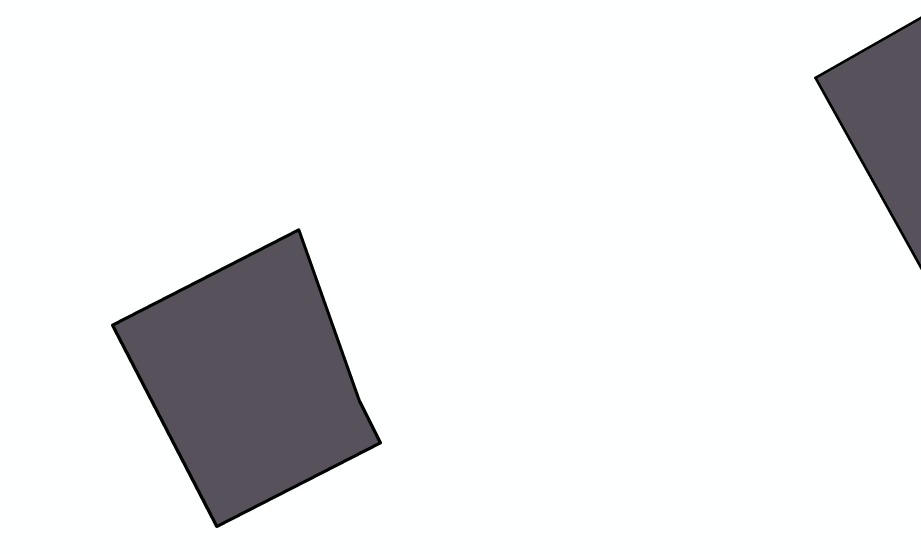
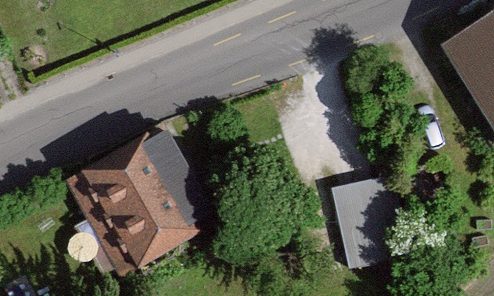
building: none -> [335,177,408,268]

